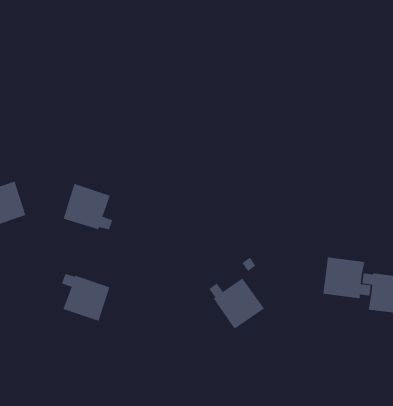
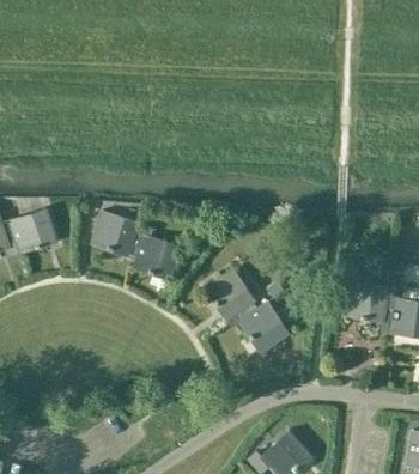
building: none -> [205,269,257,320]
building: [61,274,110,321] -> [132,233,180,280]

